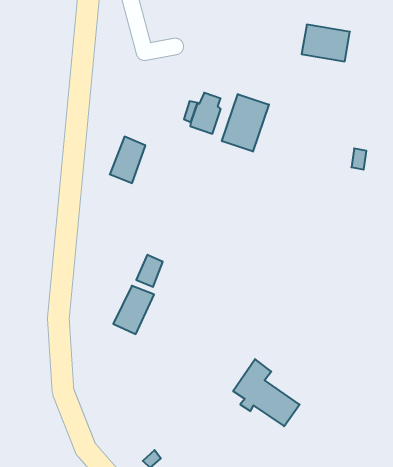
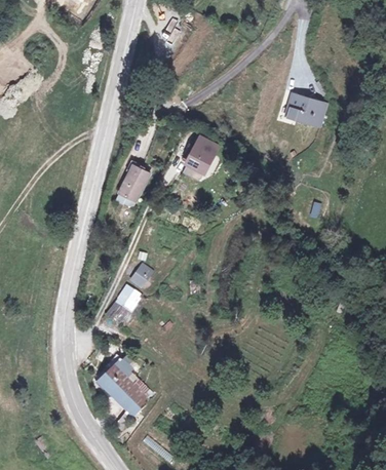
building: [222,94,269,152] -> none
building: [233,359,300,426] -> [101,357,151,413]

